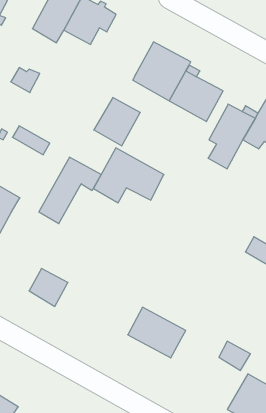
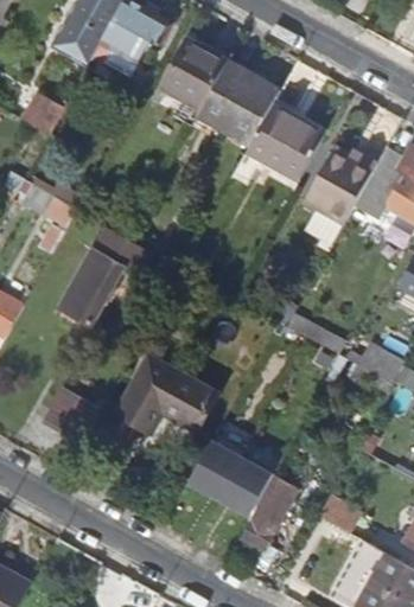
building: [94,98,140,146] -> [159,41,225,110]
building: [93,148,164,203] -> [117,353,218,432]
building: none -> [243,486,286,555]

